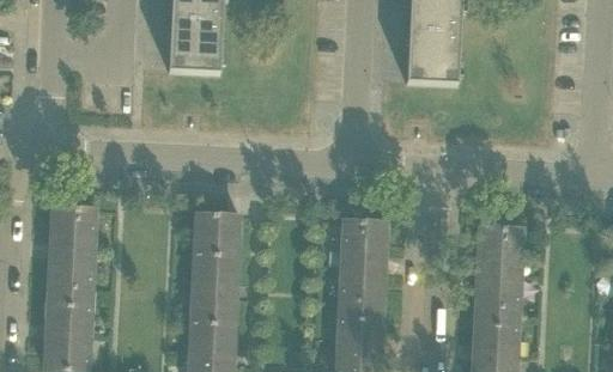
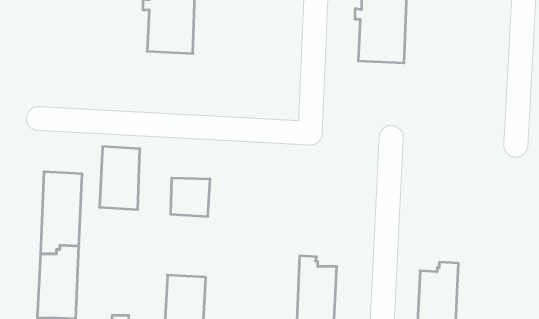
building: [340,219,387,312] -> none
building: [475,226,522,318] -> none
building: [192,254,237,324] -> [99,147,140,209]

